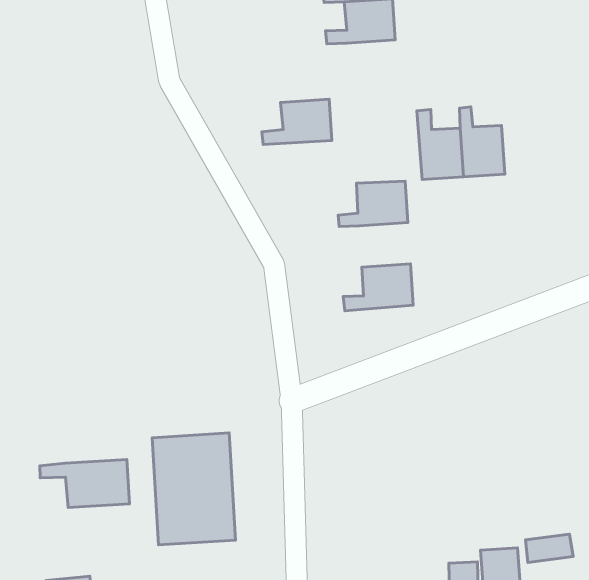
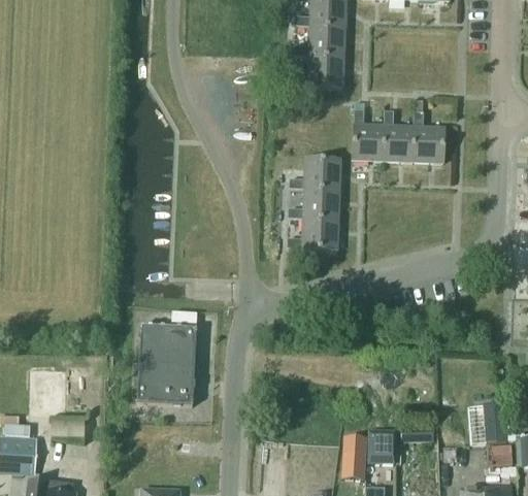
building: [262,99,332,145] -> [293,57,343,88]
building: none -> [412,112,444,163]
building: none -> [289,189,339,220]
building: [40,460,130,507] -> none

